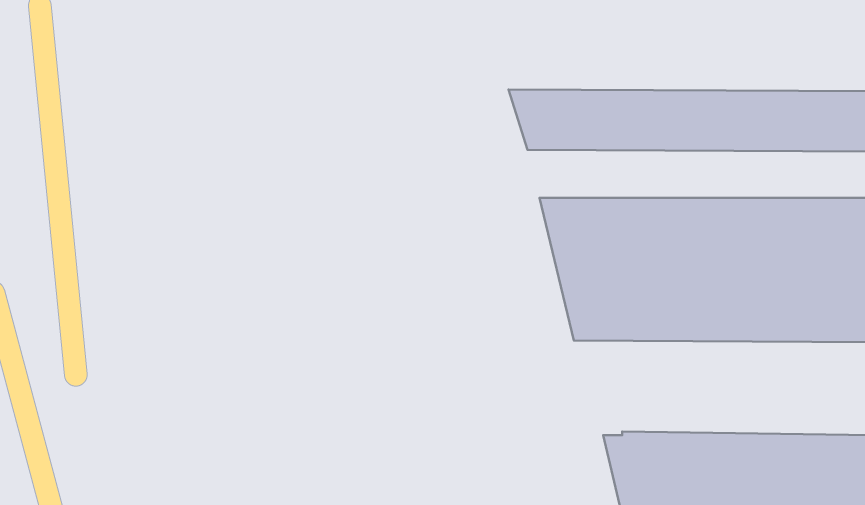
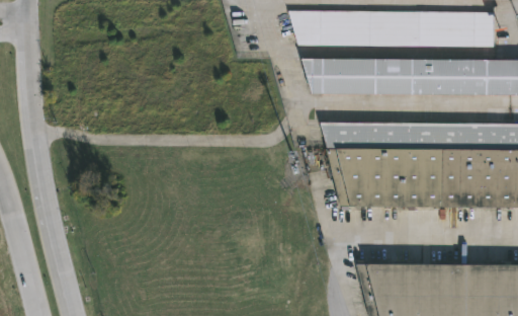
building: none -> [289,10,495,46]

